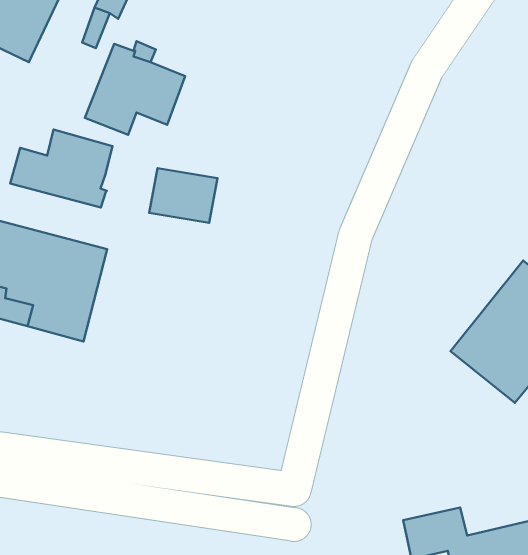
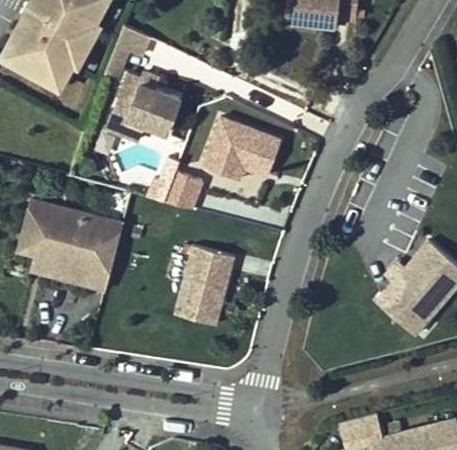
building: none -> [199,112,282,189]
building: [10,130,113,208] -> none
building: none -> [175,248,235,328]

